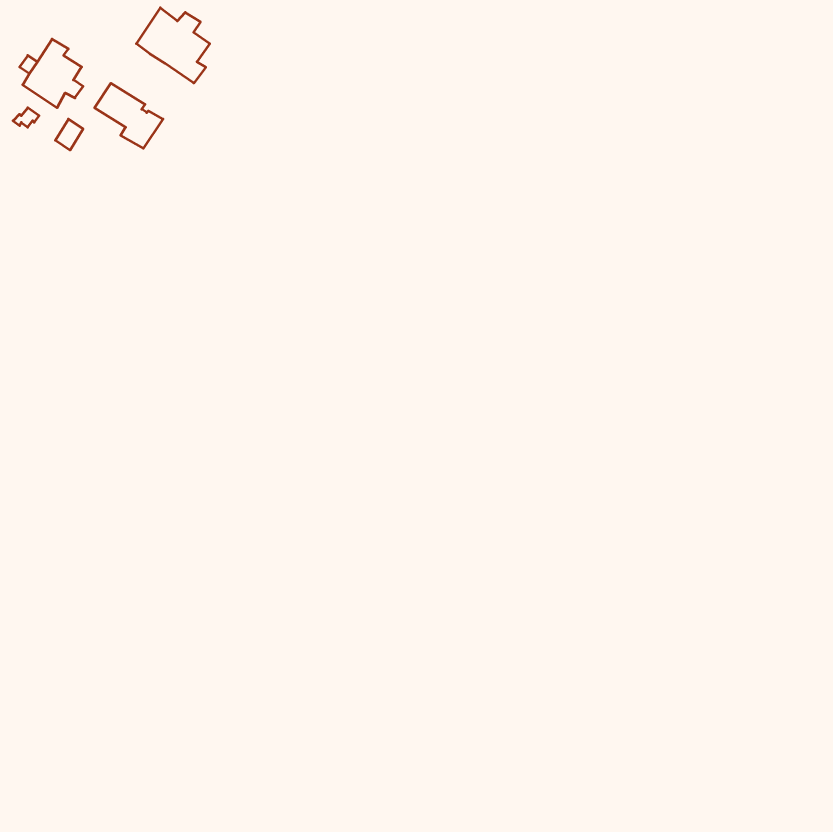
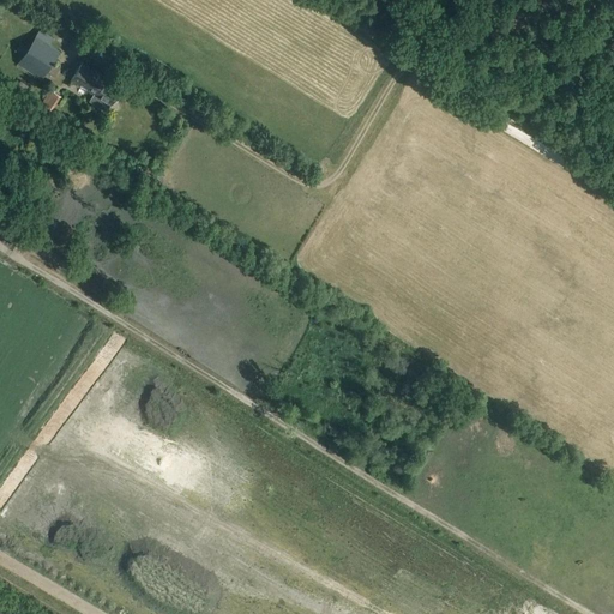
building: [136,8,210,83] -> none

